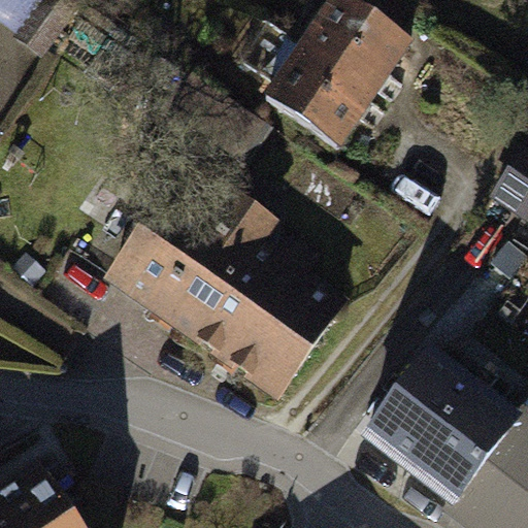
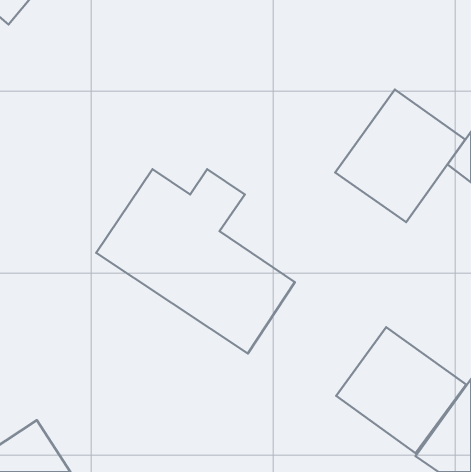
building: [270,5,403,147] -> none
building: none -> [335,90,465,222]

